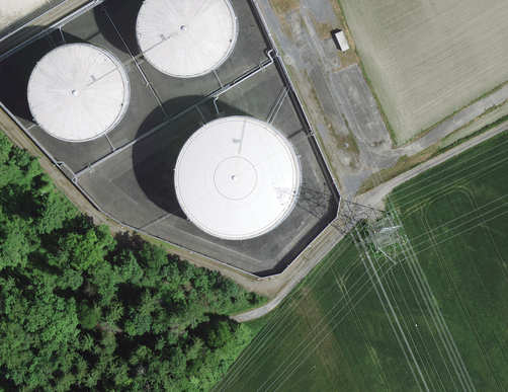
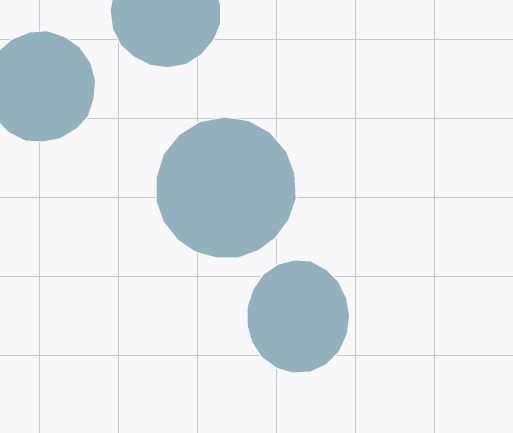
building: none -> [247,260,350,373]

